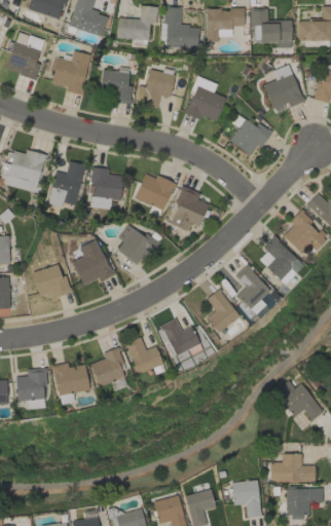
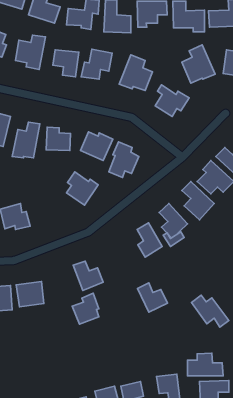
building: [72,239,114,286] -> none
building: [161,318,199,355] -> [137,283,167,312]
building: [90,347,124,386] -> [72,293,99,324]

